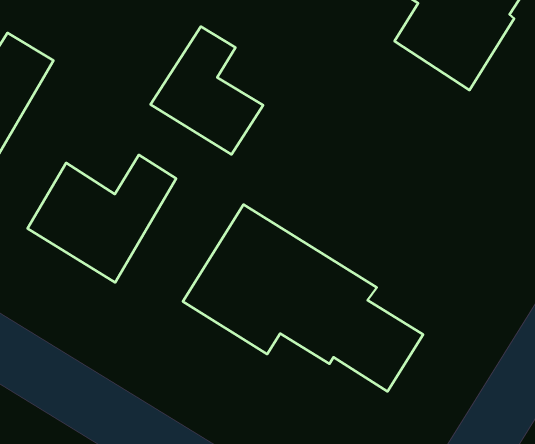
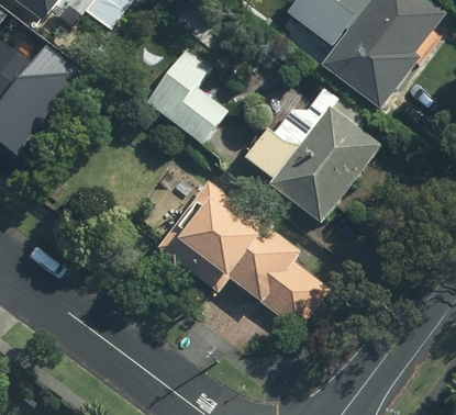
building: none -> [244,105,381,226]
building: [28,155,176,283] -> none

